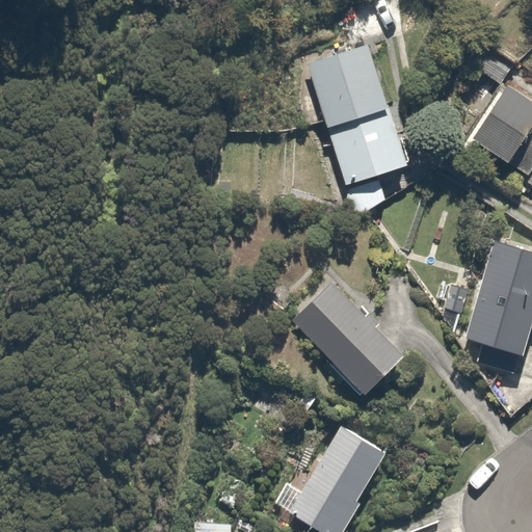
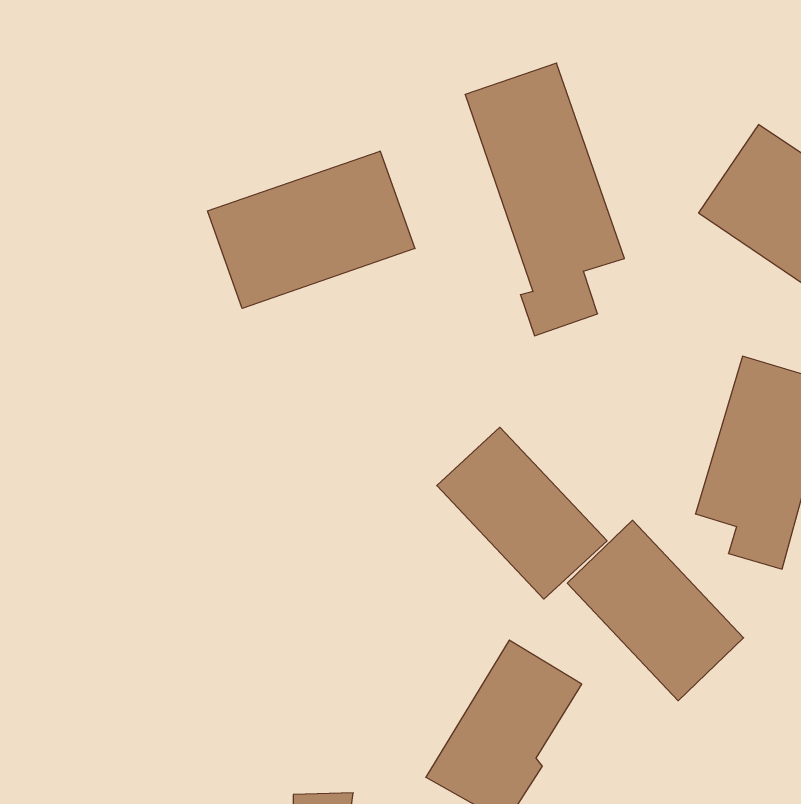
building: none -> [207,151,415,308]
building: none -> [567,520,744,701]

